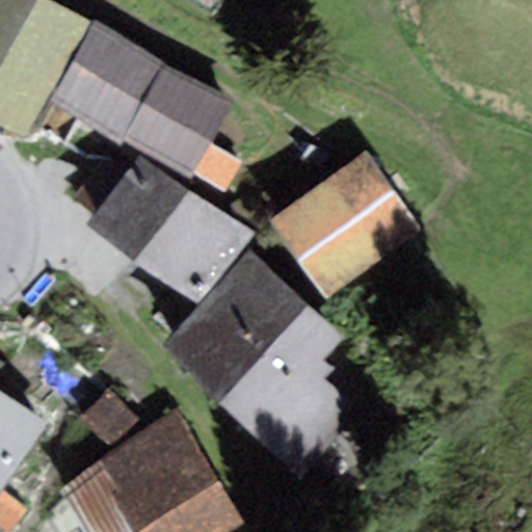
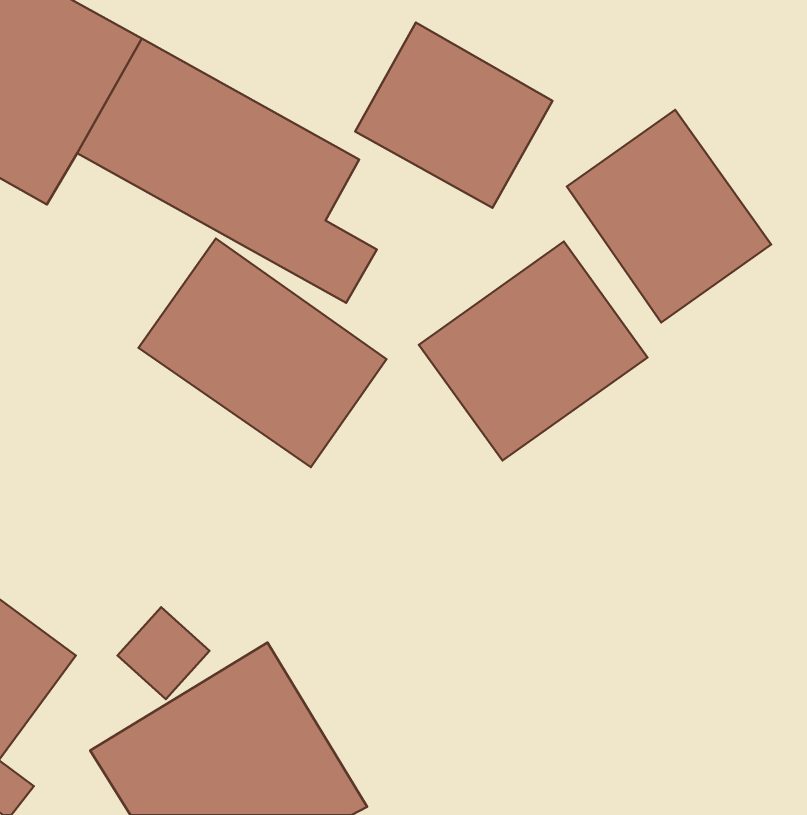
building: none -> [355,23,552,208]
building: none -> [567,110,771,323]
building: [163,250,355,472] -> none

